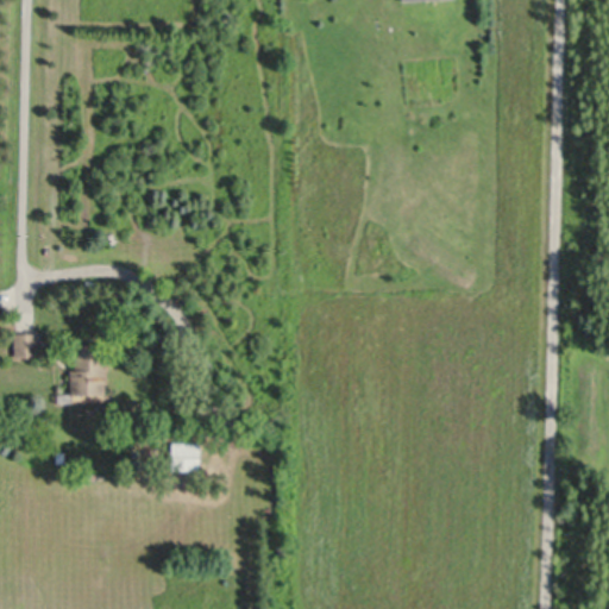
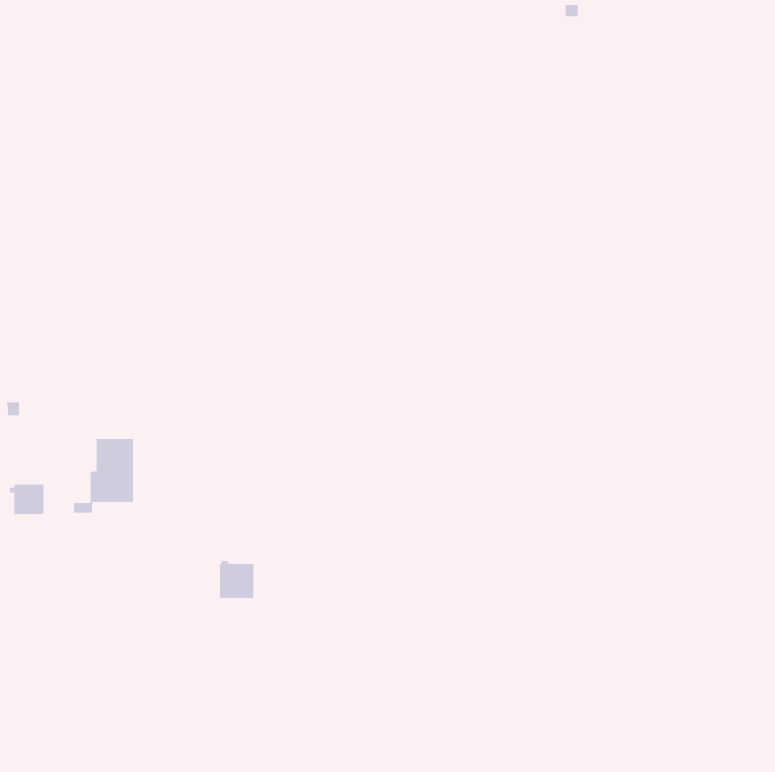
building: [12,335,39,359] -> [9,484,44,515]

